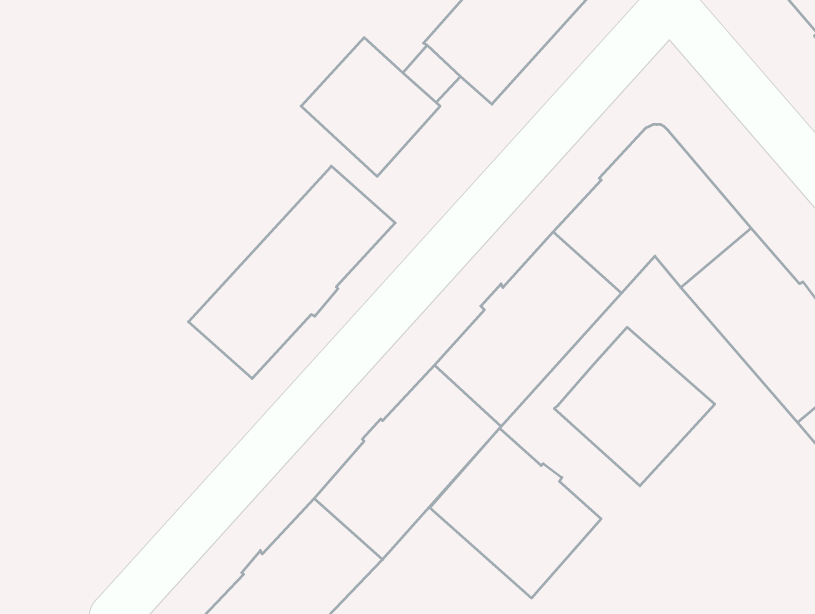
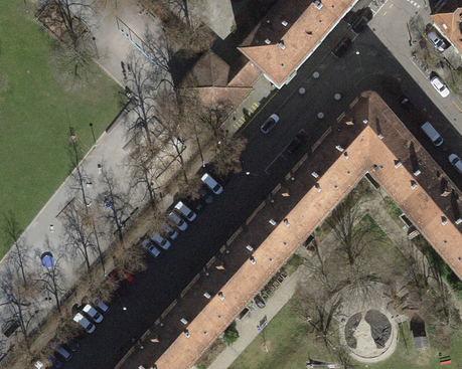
building: [188,166,395,379] -> none
building: [554,327,715,486] -> none
building: [430,428,601,598] -> none

